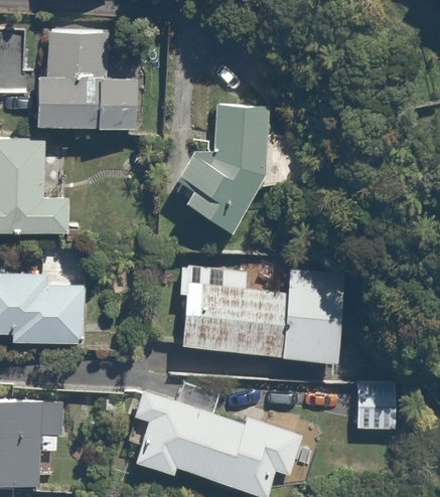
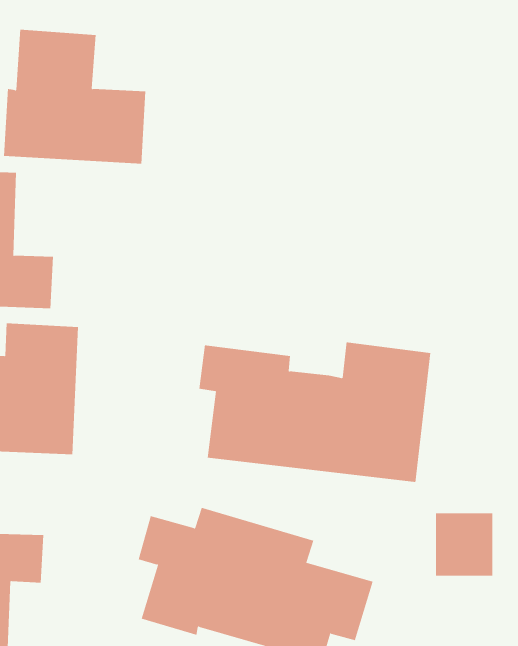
building: [177,102,265,232] -> none

